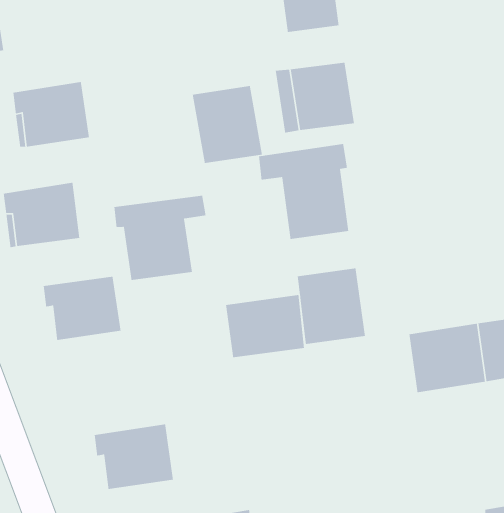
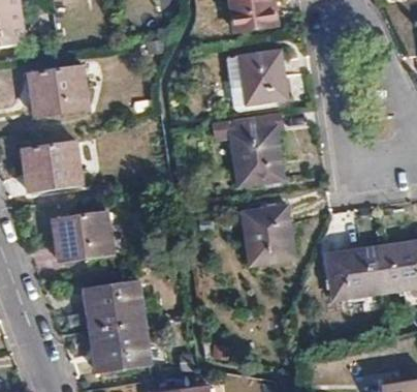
building: [192,85,263,164] -> none
building: [113,195,207,281] -> none
building: [225,294,305,358] -> none
building: none -> [89,281,145,330]

